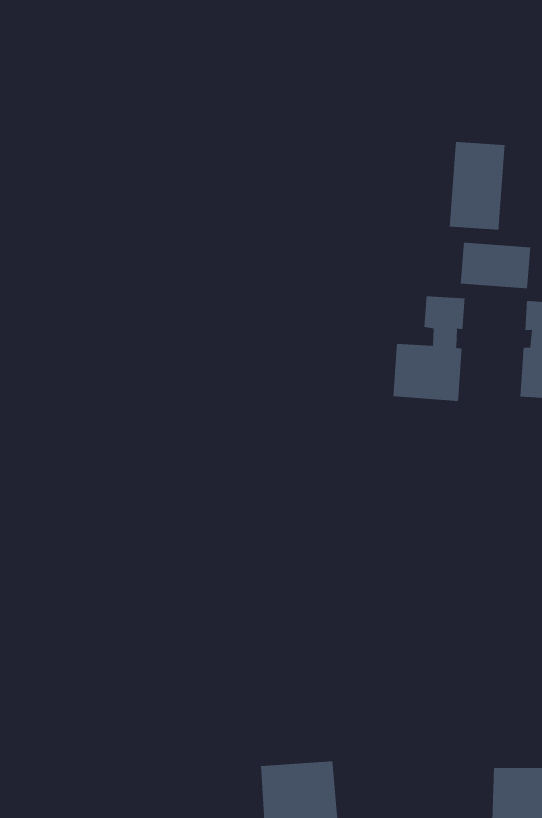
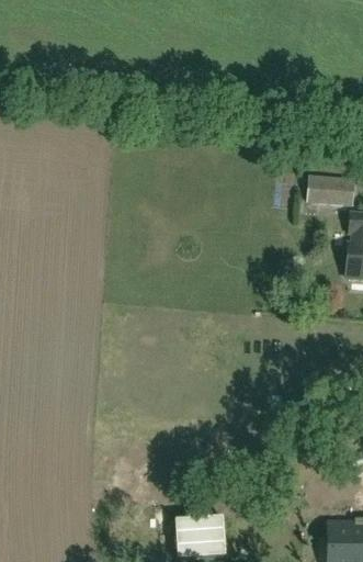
building: [449,141,505,231] -> none
building: [393,295,465,402] -> none

